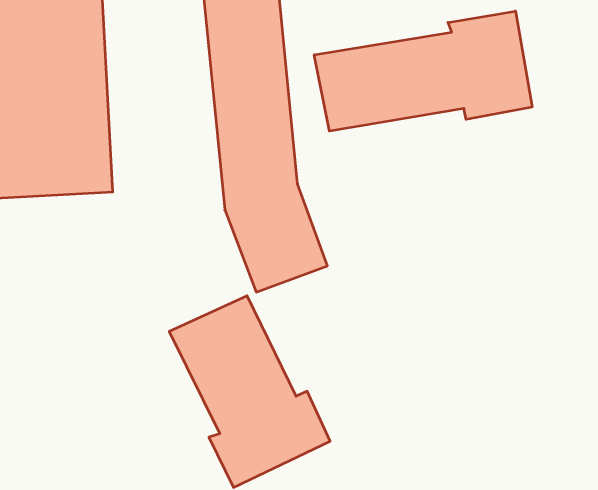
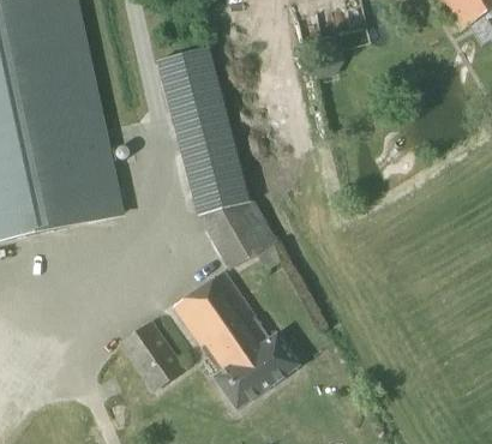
building: [314,11,532,131] -> none
building: none -> [116,319,185,390]

